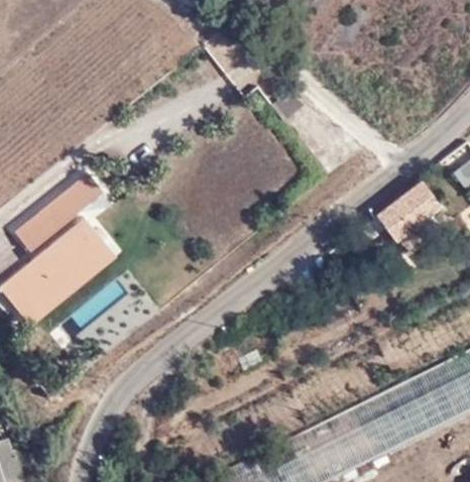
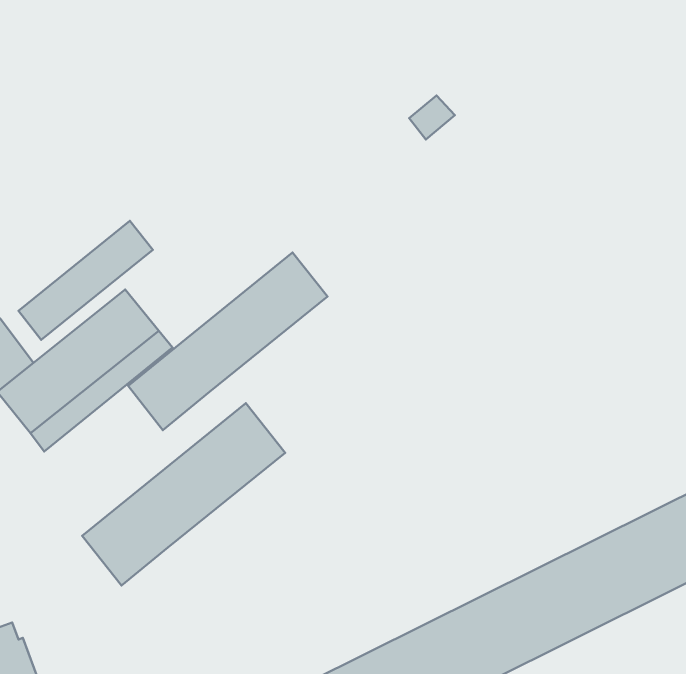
building: [378,183,450,244] -> none
building: none -> [128,252,327,430]
building: none -> [82,403,285,585]

